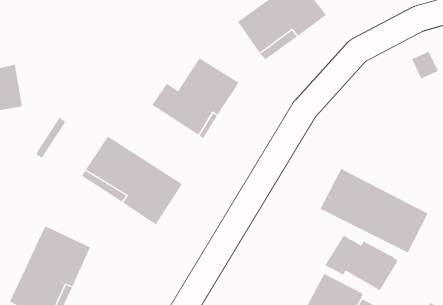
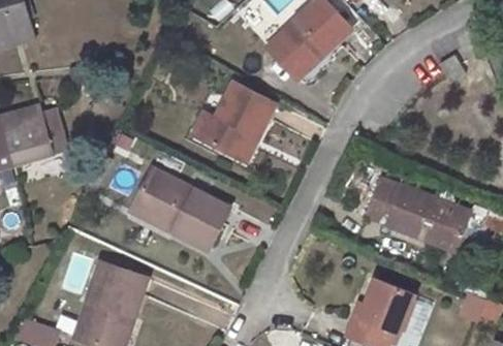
building: [324,234,398,291] -> none

